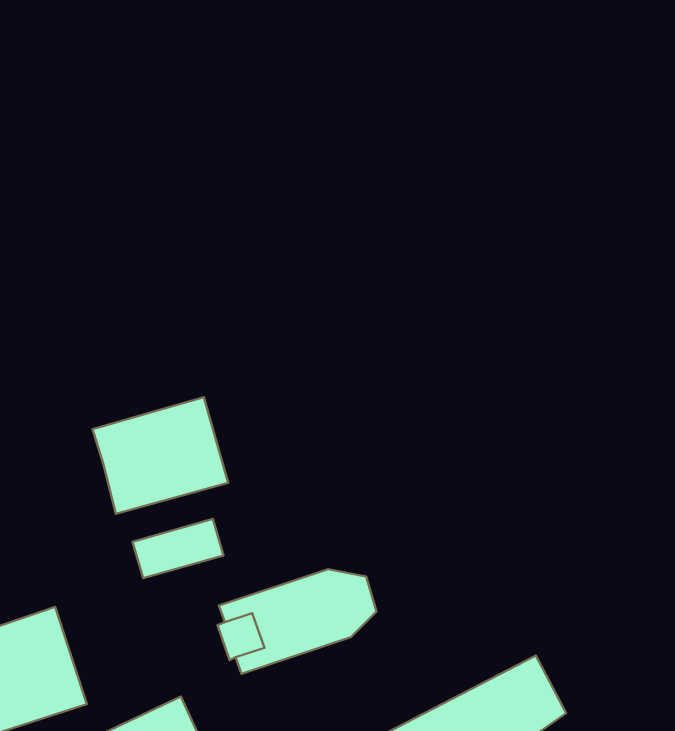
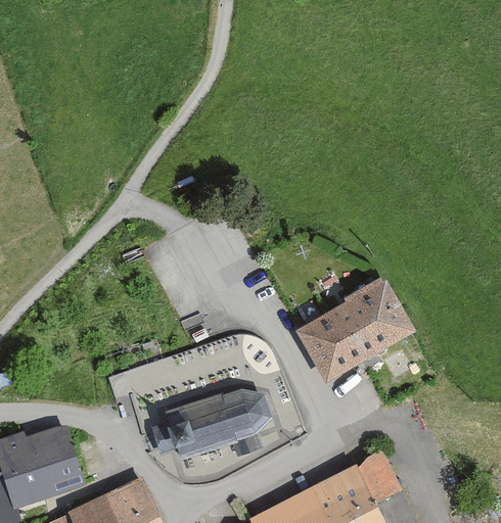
building: none -> [295,275,417,381]
building: [93,397,228,514] -> none

